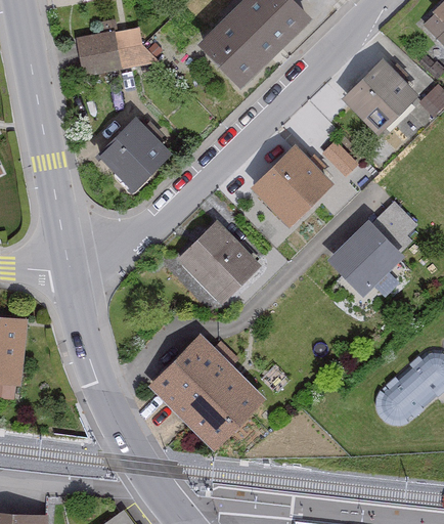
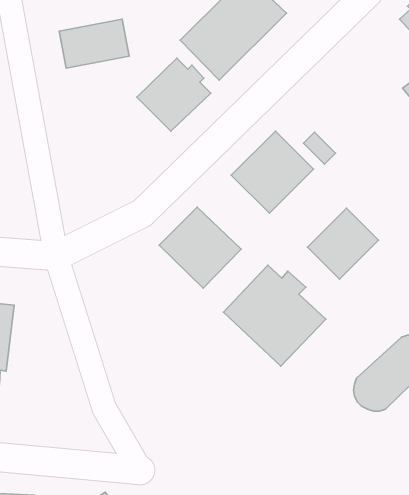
building: [340,62,416,139] -> none
building: [94,116,170,190] -> [137,58,211,131]
building: [381,200,423,242] -> none
building: [154,339,259,442] -> [224,265,326,366]

